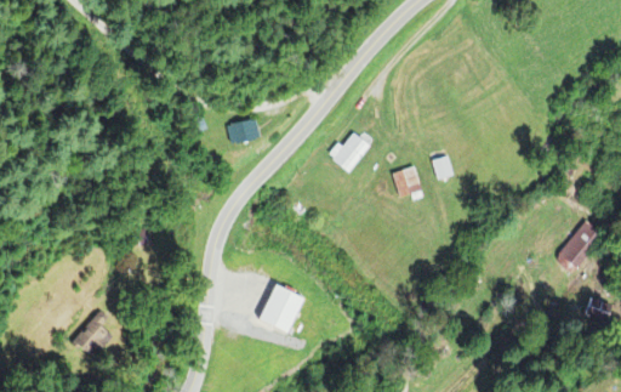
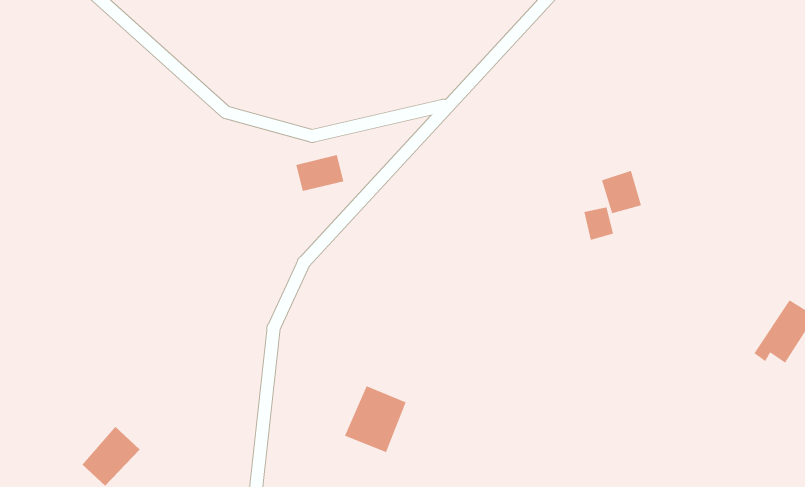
building: [329,131,371,172] -> none
building: [392,165,421,197] -> [601,170,642,214]

